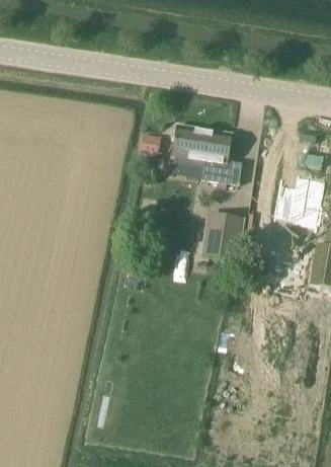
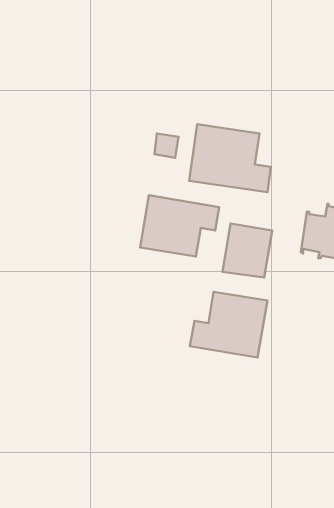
building: none -> [140,195,219,257]
building: none -> [190,292,267,357]

